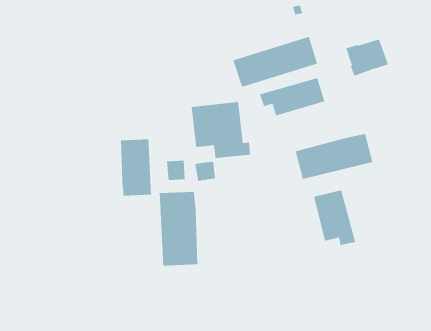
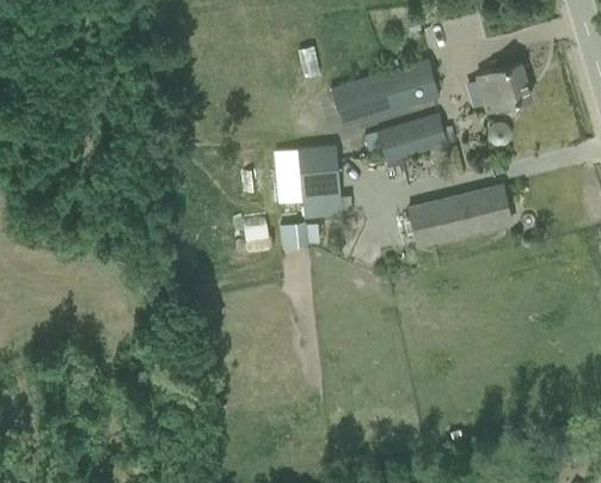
building: [120,139,152,196] -> none
building: [314,190,356,246] -> none
building: [159,191,198,266] -> none

